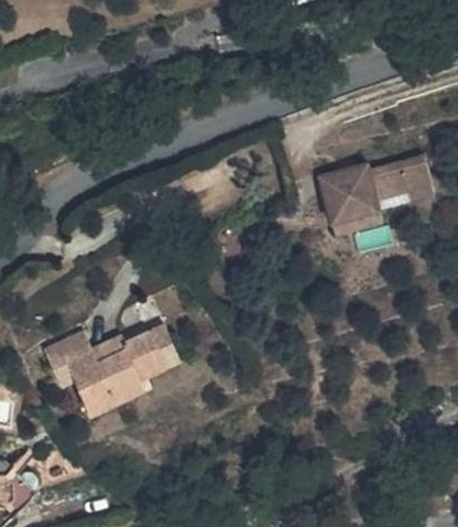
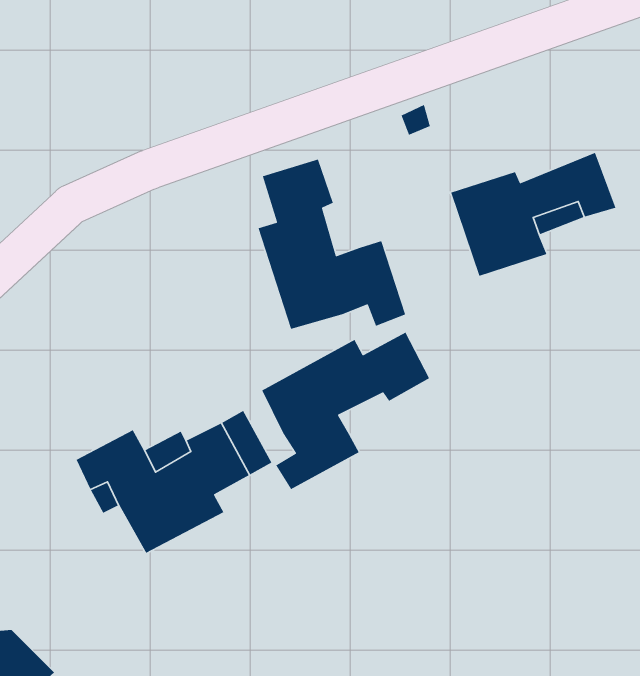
building: none -> [257,158,406,330]
building: none -> [261,332,430,490]

